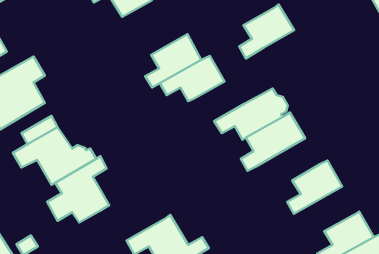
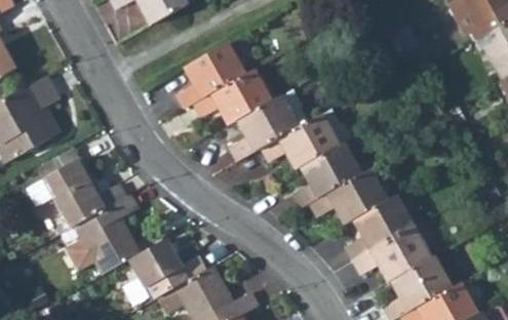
building: [239,4,294,59] -> [232,98,298,163]
building: none -> [312,170,388,226]
building: none -> [357,228,432,282]
building: none -> [126,236,202,294]

